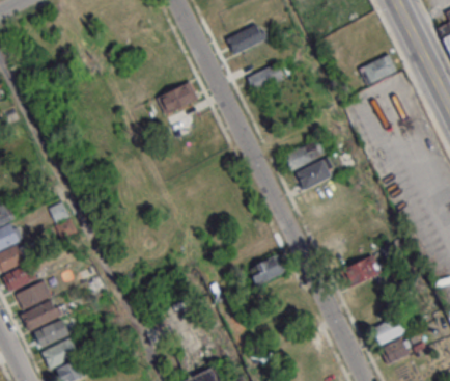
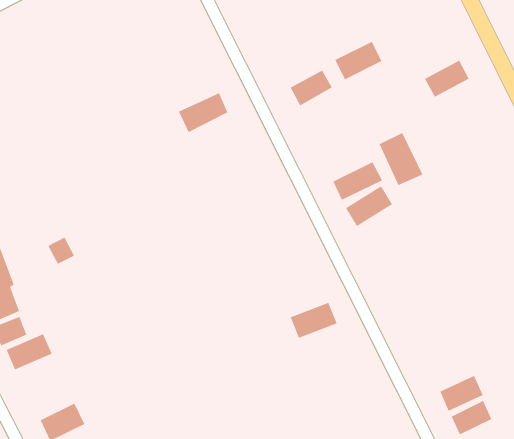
building: [226,23,265,55] -> [335,41,382,80]
building: none -> [379,132,423,186]
building: [342,256,382,287] -> none
building: [20,299,71,349] -> none

